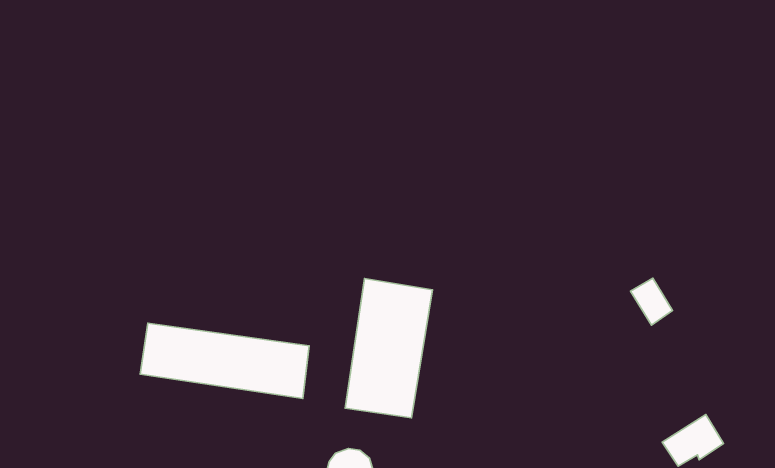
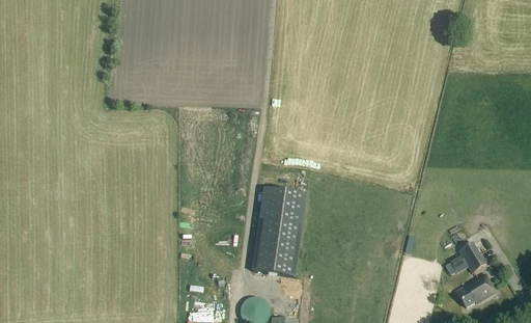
building: [630,278,672,325] -> [458,242,485,272]
building: [140,323,309,399] -> none

